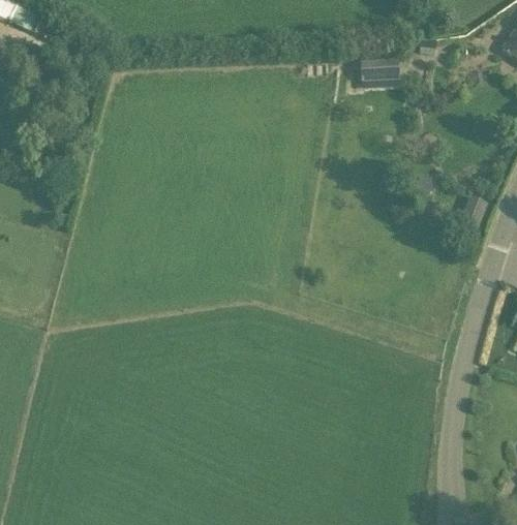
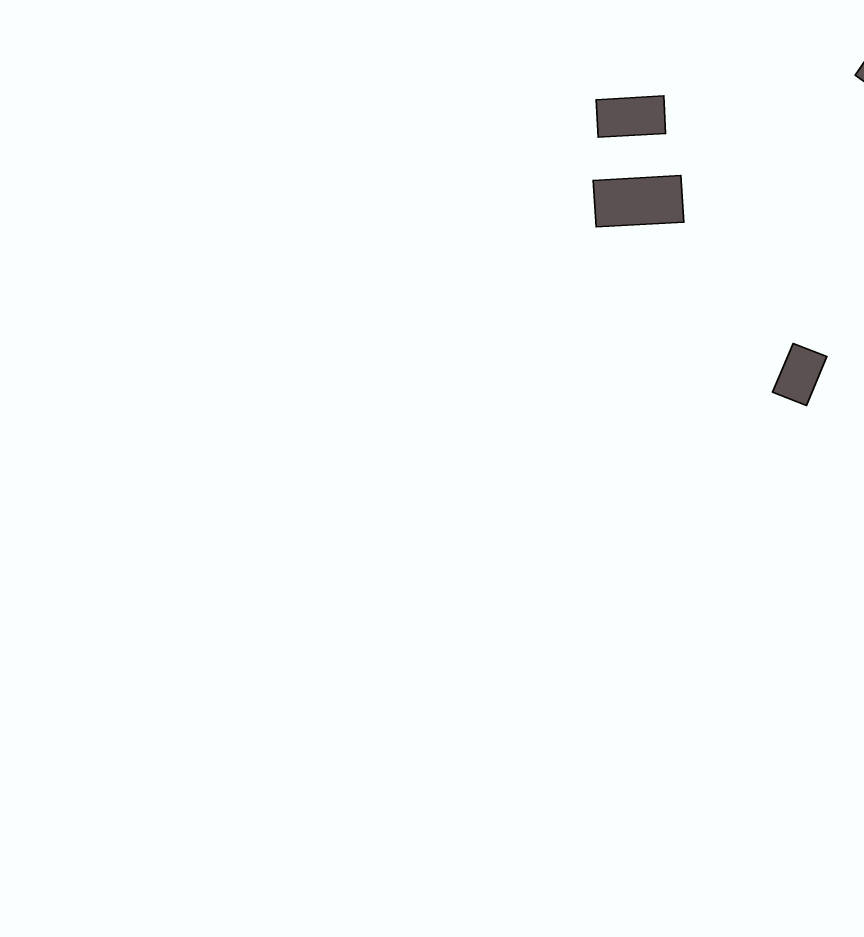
building: none -> [593,176,684,227]

